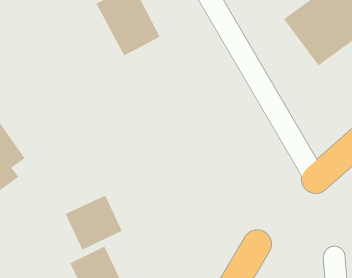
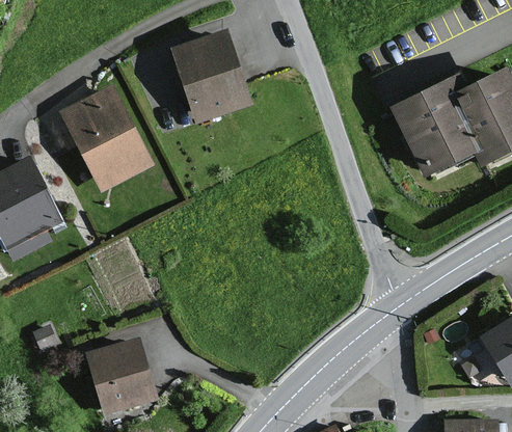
building: none -> [63,88,149,189]
building: [65,195,123,250] -> none

